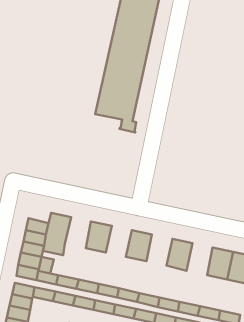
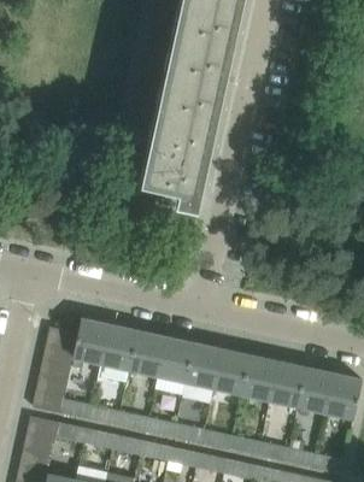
building: none -> [102,325,139,369]
building: none -> [159,337,195,381]
building: none -> [216,349,252,393]
building: none -> [271,362,307,406]

